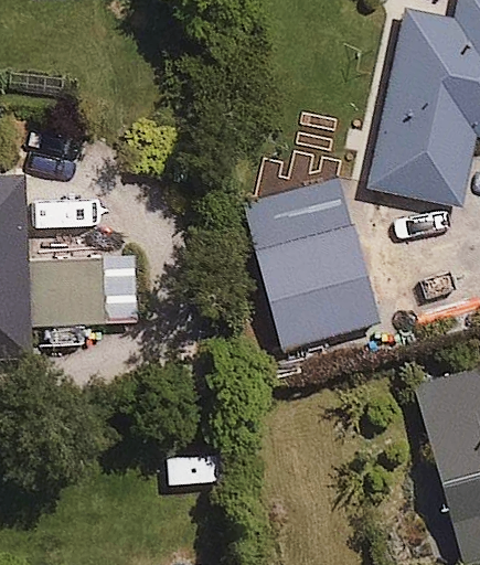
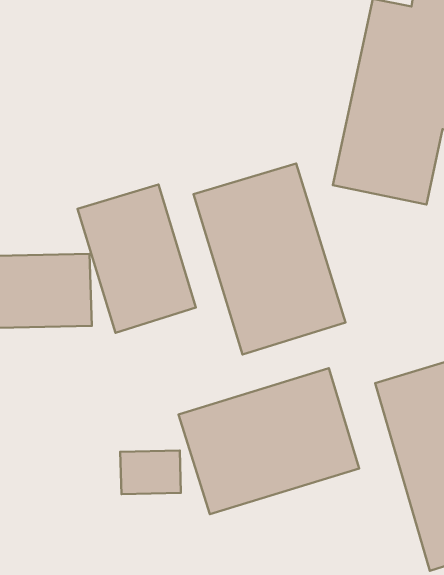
building: none -> [77,184,196,333]
building: none -> [179,368,359,514]

